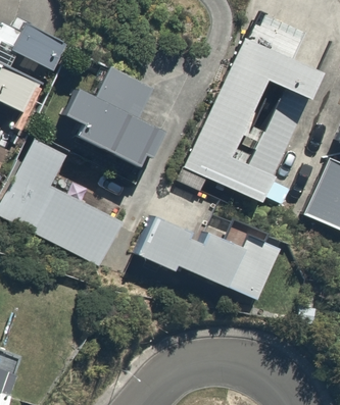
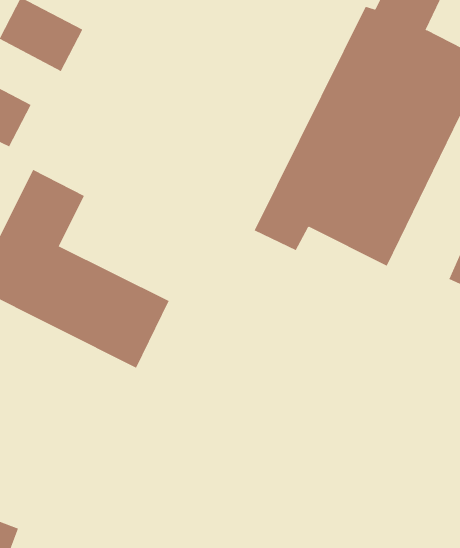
building: [60,74,162,175] -> none
building: [137,210,285,299] -> none

